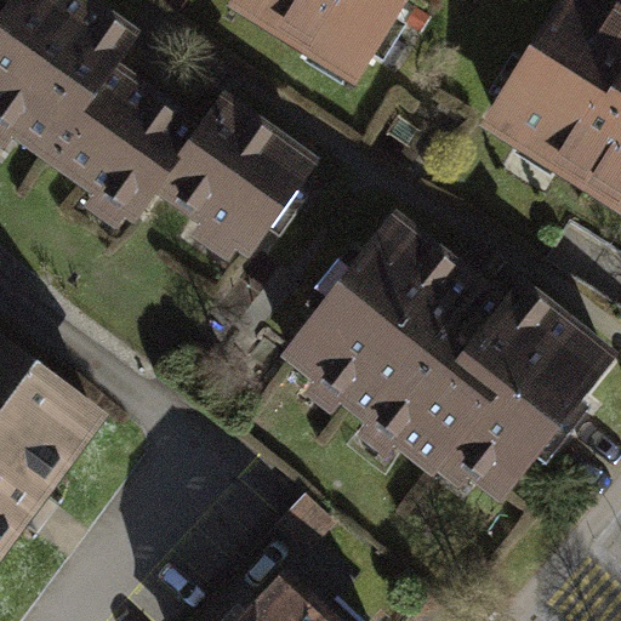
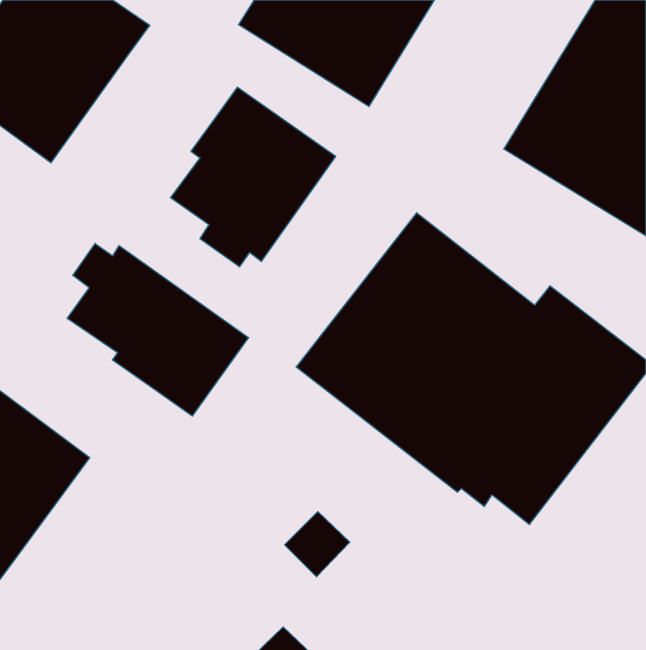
building: [49,57,203,224] -> none
building: none -> [67,243,249,416]

